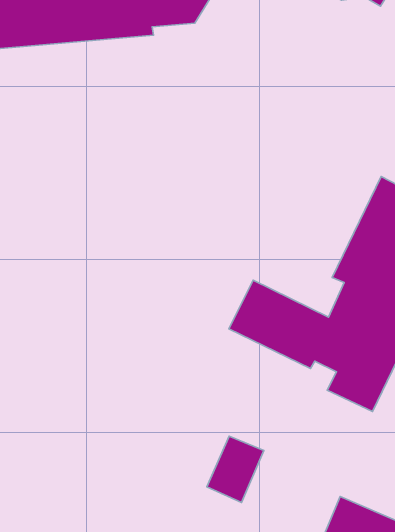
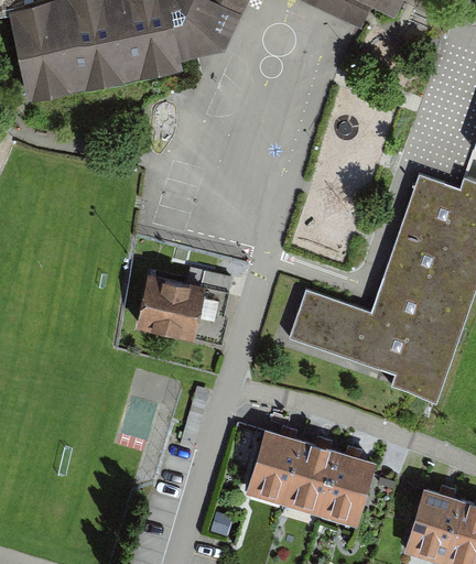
building: none -> [130,275,199,341]
building: none -> [253,433,303,495]
building: none -> [323,453,374,516]

